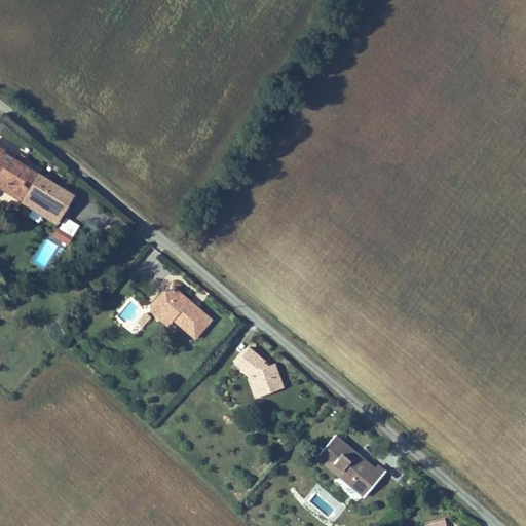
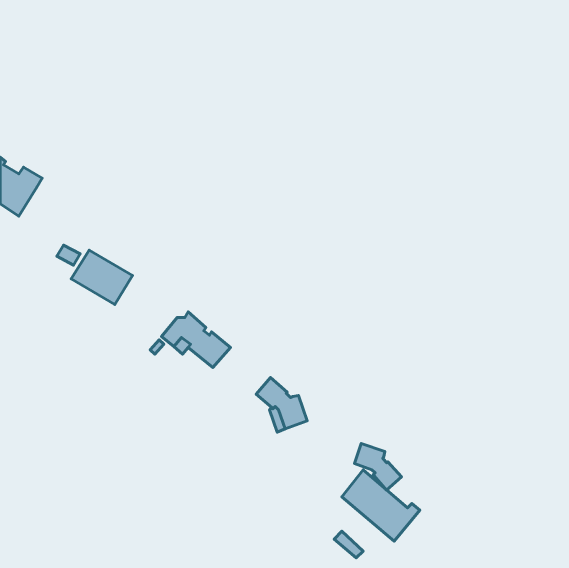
building: [17,173,74,223] -> [71,250,132,305]
building: none -> [354,443,402,490]

